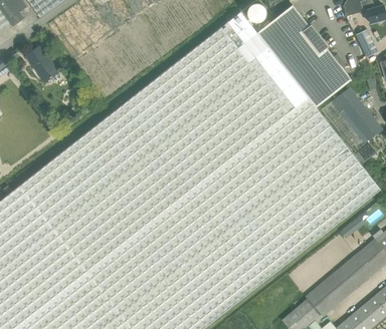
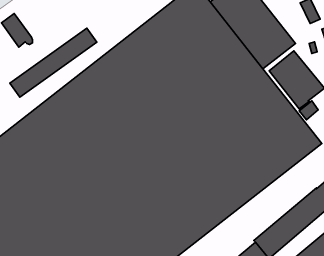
building: none -> [10,28,97,97]

